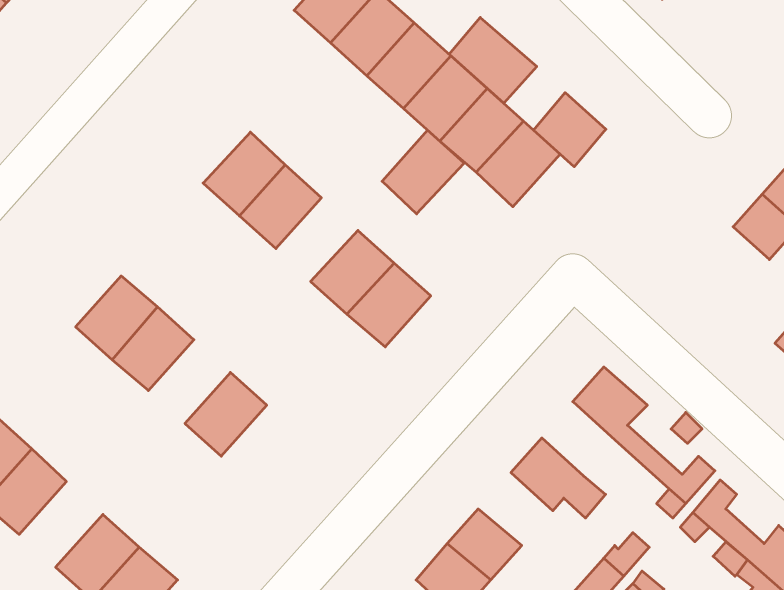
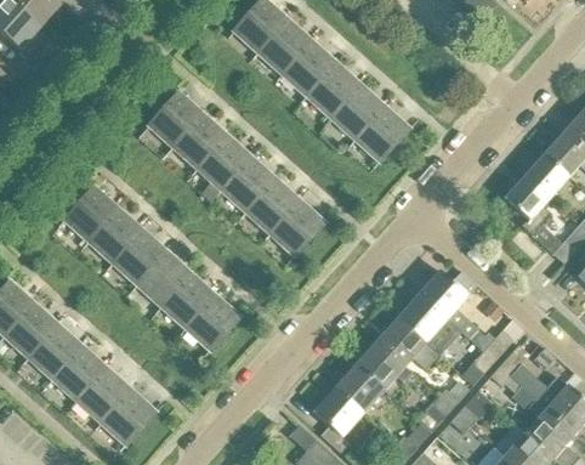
building: [449,17,537,103] -> none
building: [533,93,606,167] -> none
building: none -> [147,89,204,146]
building: [382,130,464,214] -> [221,155,276,211]
building: none -> [505,175,553,236]
building: none -> [63,185,118,242]
building: none -> [136,250,191,306]
building: none -> [398,291,447,341]
building: none -> [184,294,239,350]
building: none -> [356,339,413,387]
building: none -> [50,345,106,402]

